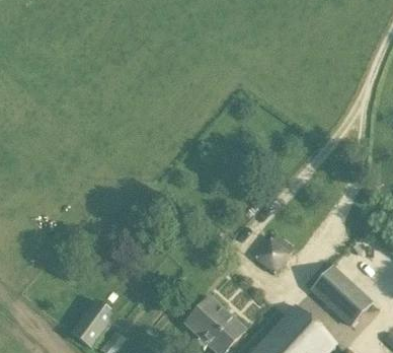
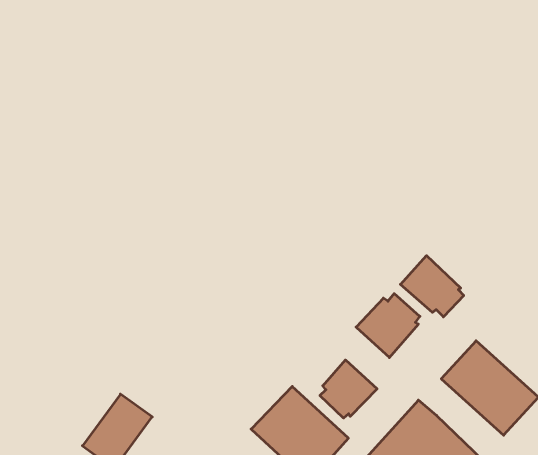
building: none -> [400,256,464,317]
building: none -> [320,360,377,418]

